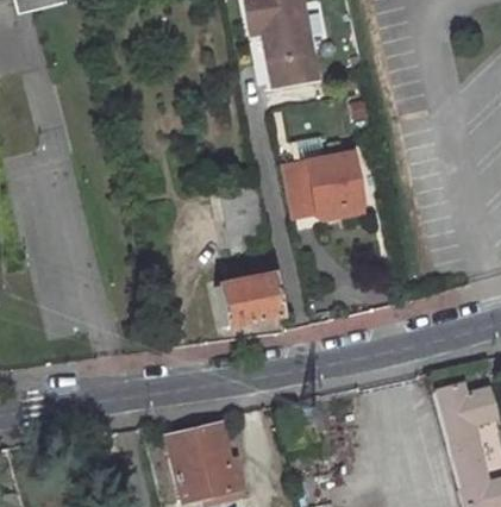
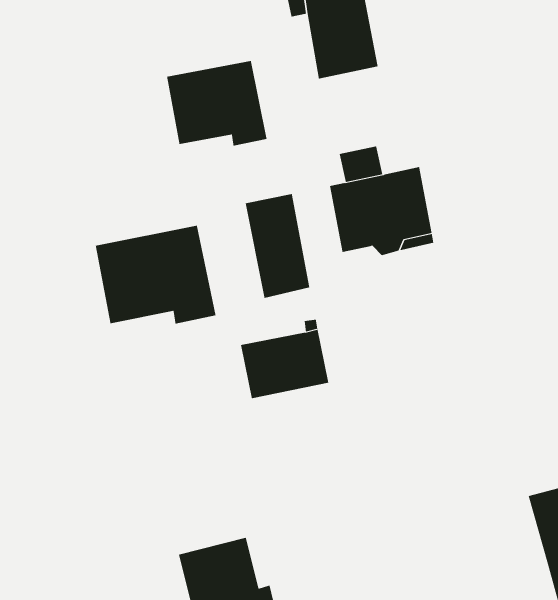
building: none -> [167,60,267,146]
building: none -> [95,225,216,324]

